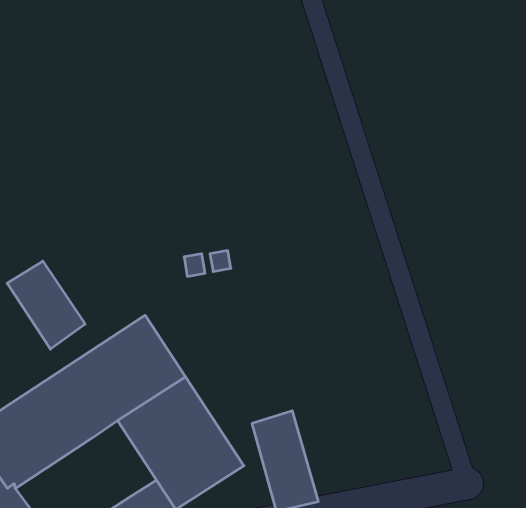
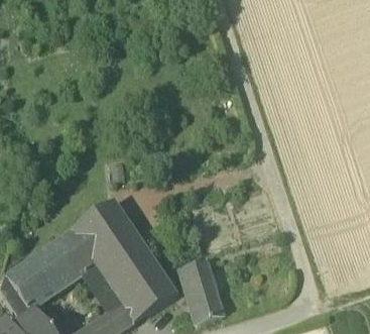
building: [7,261,85,349] -> none
building: none -> [82,265,122,313]

